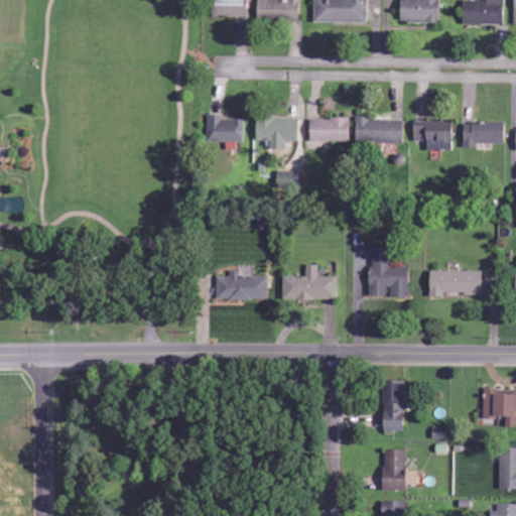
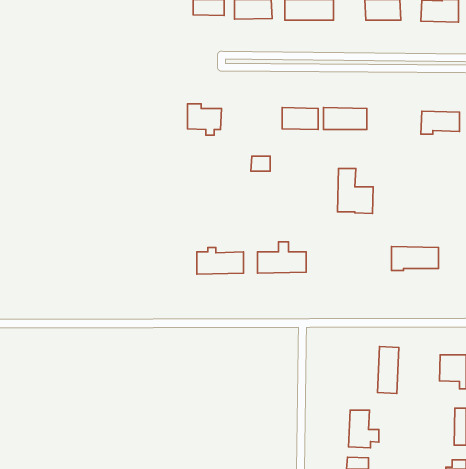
building: [255,117,297,148] -> none
building: [412,121,453,151] -> none
building: [369,248,408,297] -> [337,169,373,214]
building: [383,382,406,433] -> [378,347,399,394]

